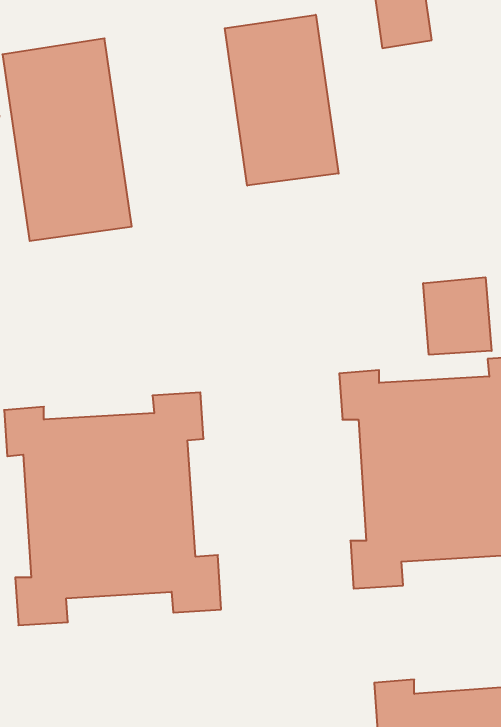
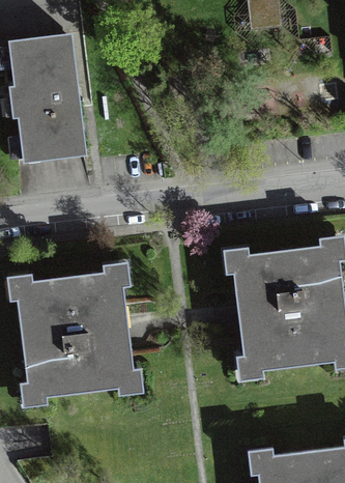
building: [225,15,339,186] -> none
building: [423,277,492,355] -> none

